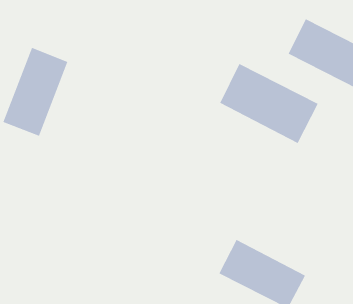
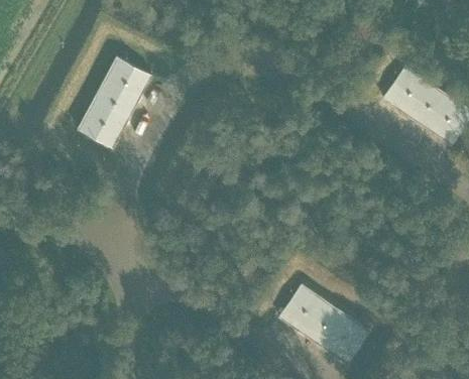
building: [220,63,318,144] -> none

